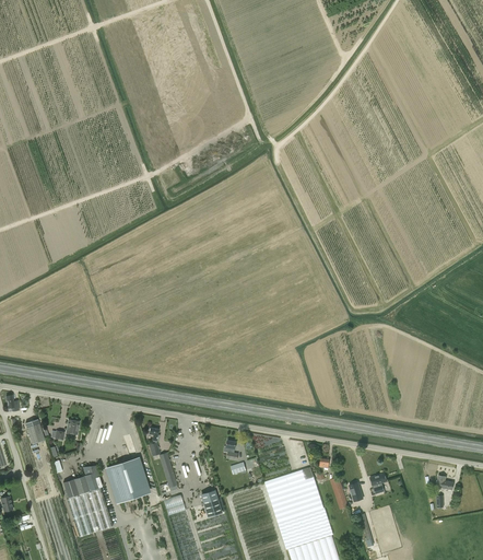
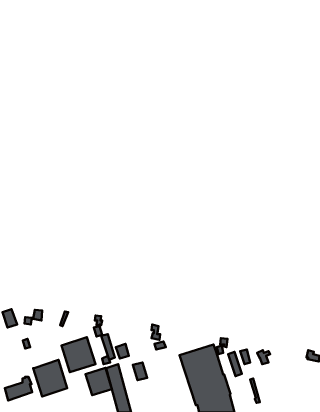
building: [63,467,101,499] -> [5,377,32,400]
building: none -> [86,368,112,395]

